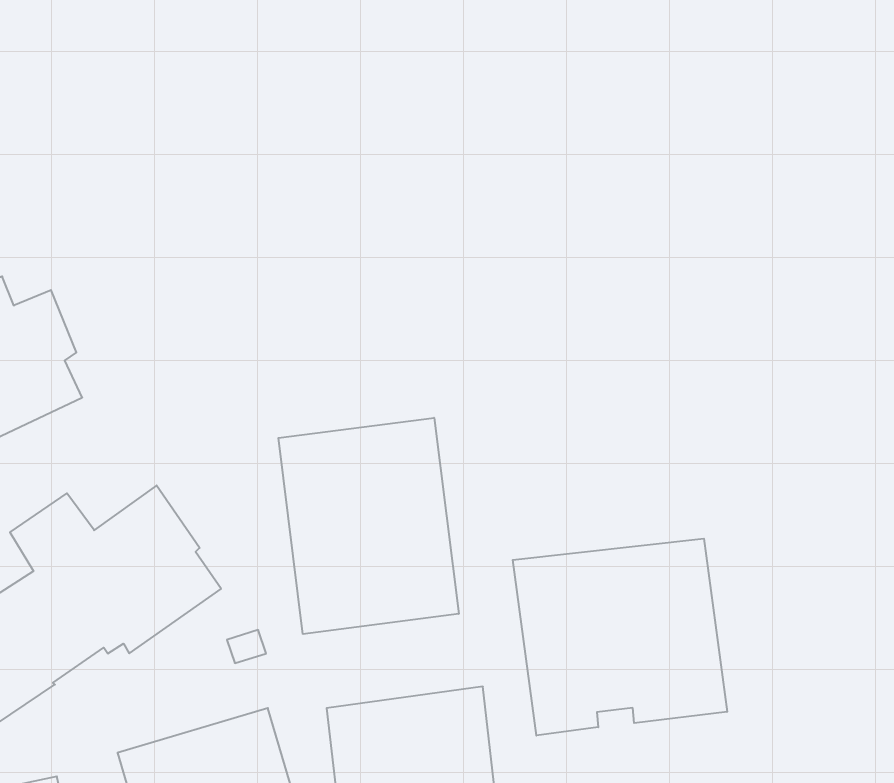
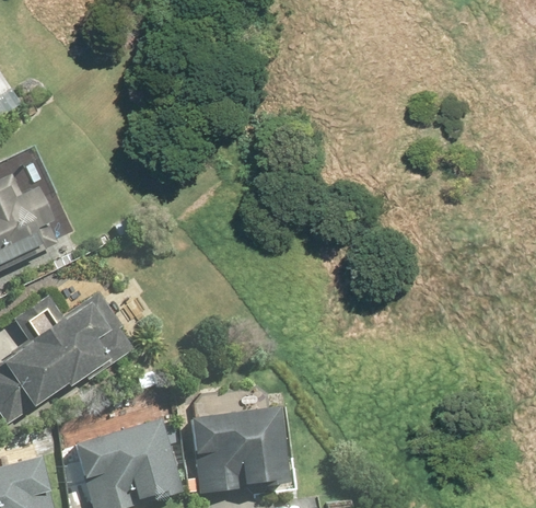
building: [278,418,459,634] -> none
building: [513,539,727,736] -> none

